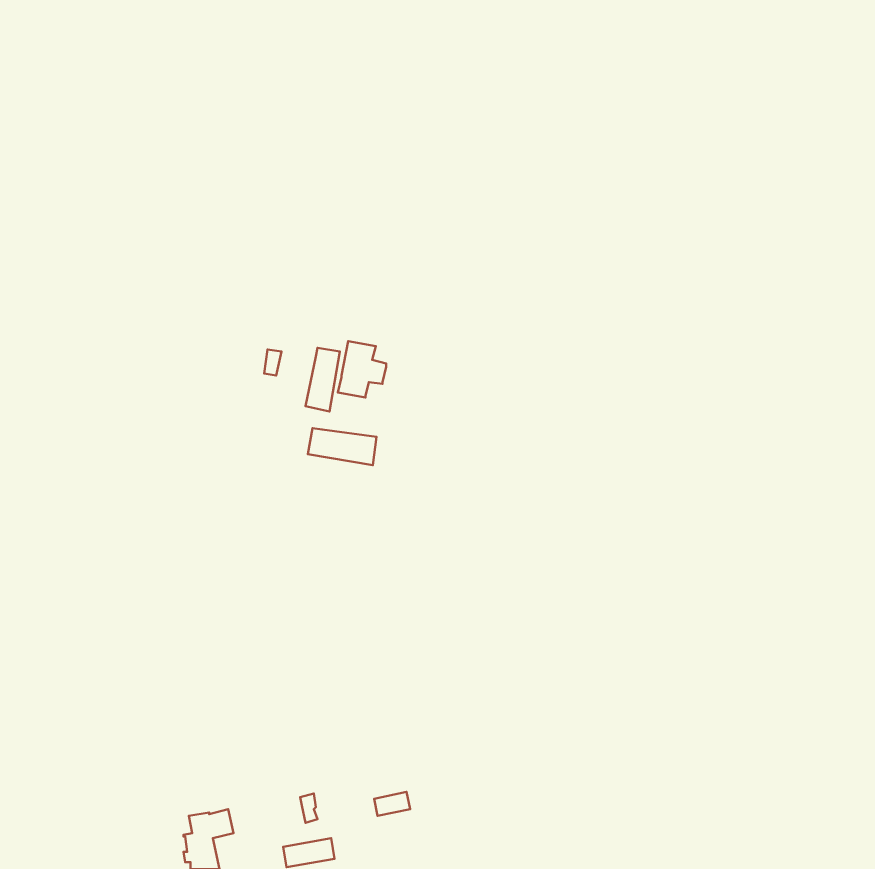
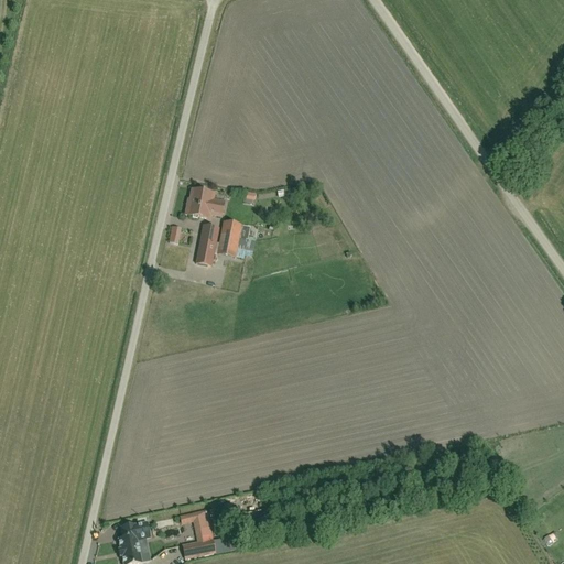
building: none -> [186,188,225,217]
building: [308,428,377,465] -> none

